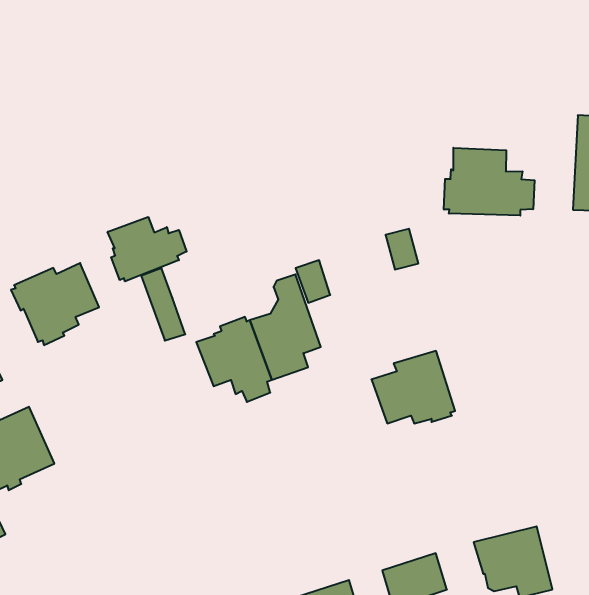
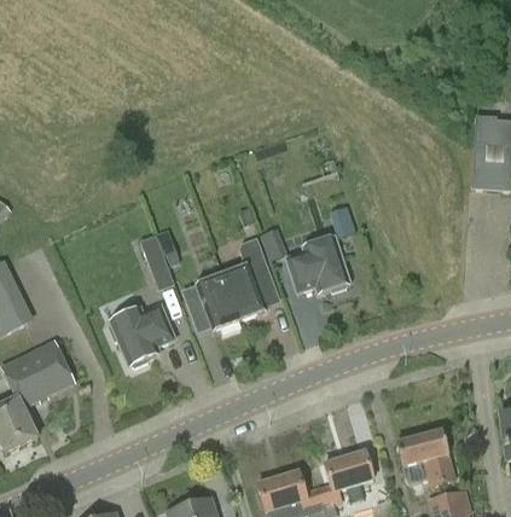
building: [444,148,535,216] -> none
building: [108,217,187,281] -> none
building: [11,263,99,345] -> [108,303,175,366]
building: [371,351,455,423] -> [286,236,350,291]

